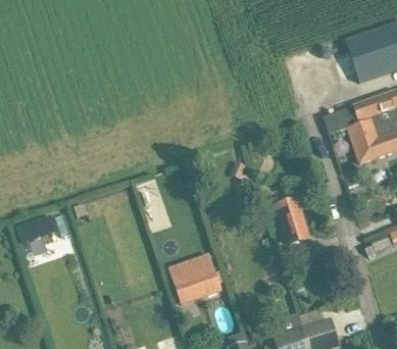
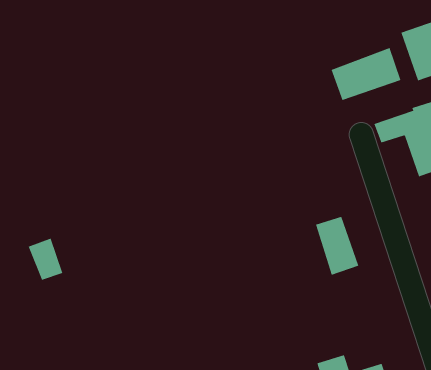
building: none -> [331,47,401,101]
building: [172,265,221,304] -> none

